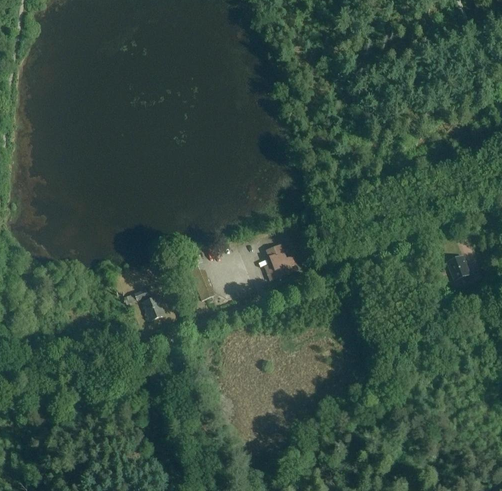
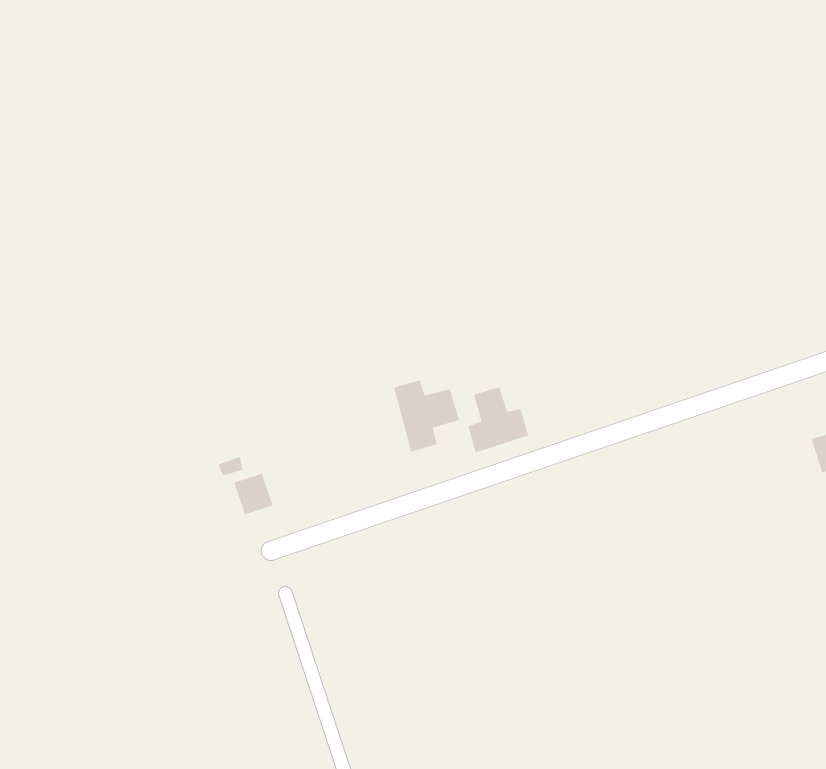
building: none -> [393,379,460,453]

